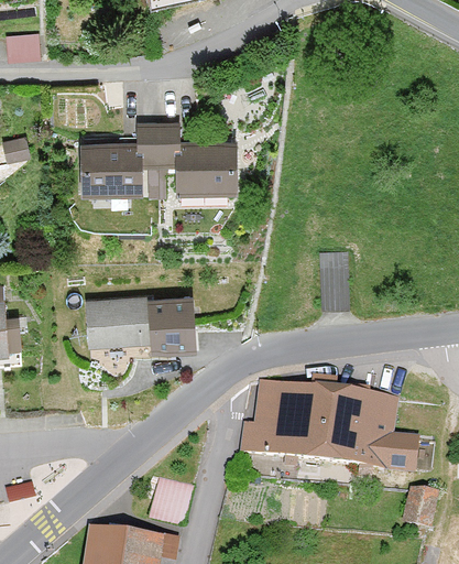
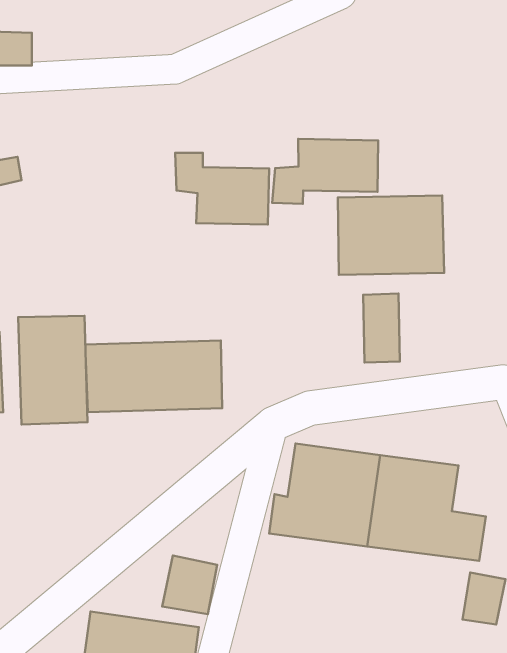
building: none -> [272,139,378,204]
building: [79,133,161,195] -> none
building: none -> [338,195,444,275]
building: none -> [18,316,87,424]

